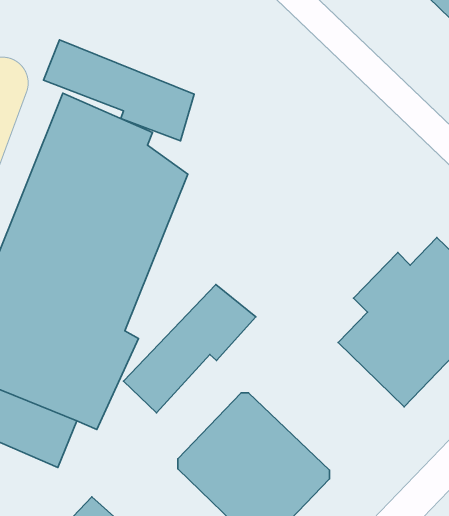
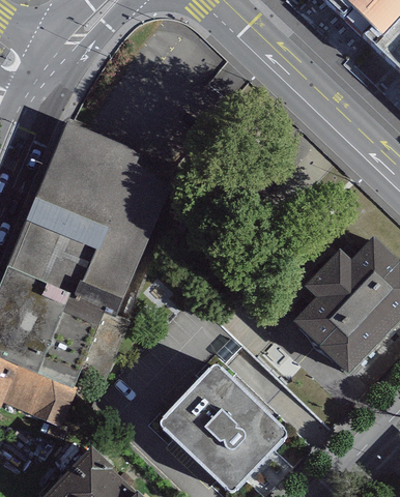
building: [43,40,194,141] -> none
building: [123,285,256,413] -> none

